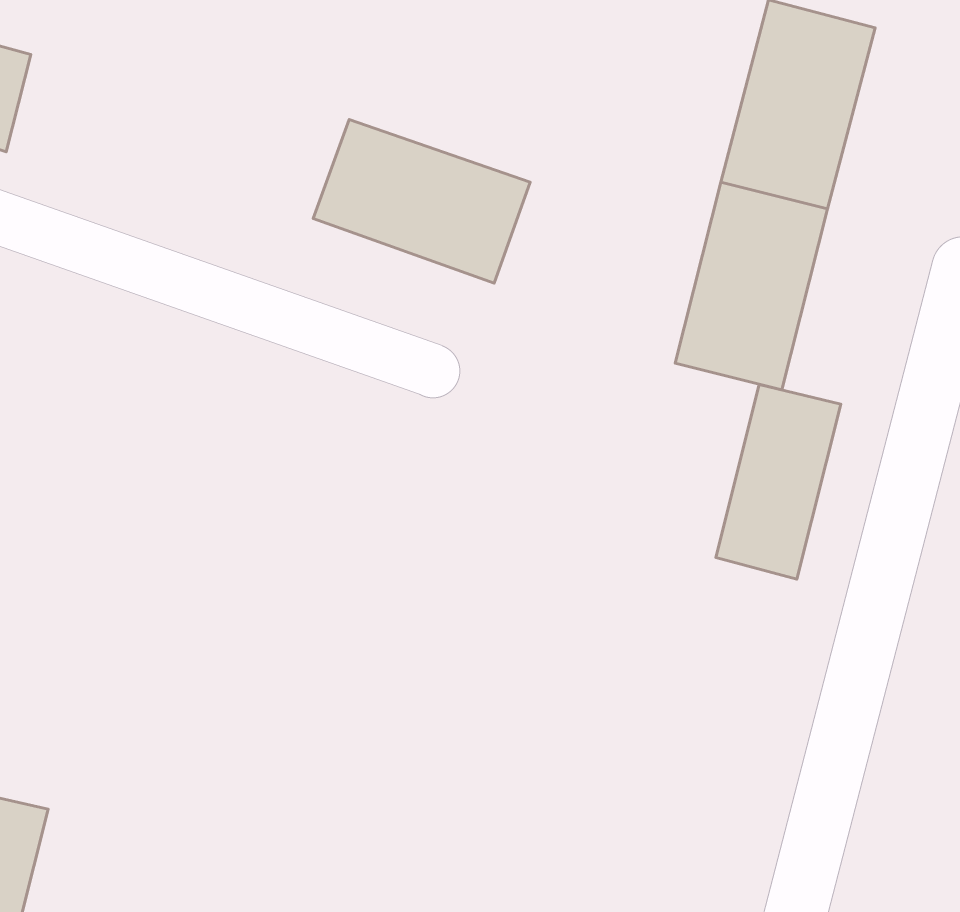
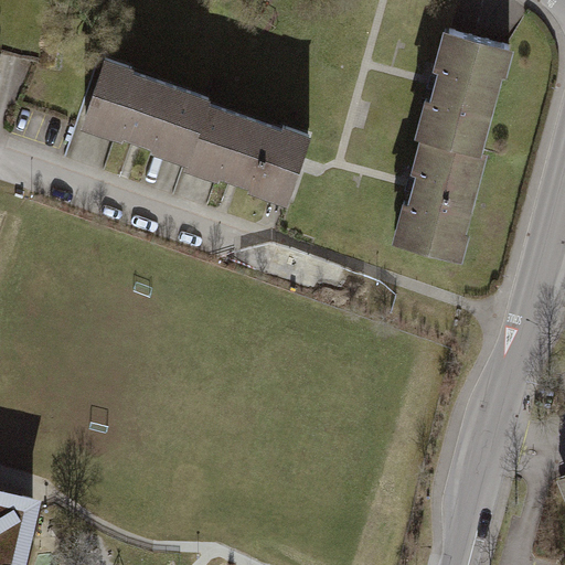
building: none -> [79,66,204,161]
building: [716,384,841,579] -> none

